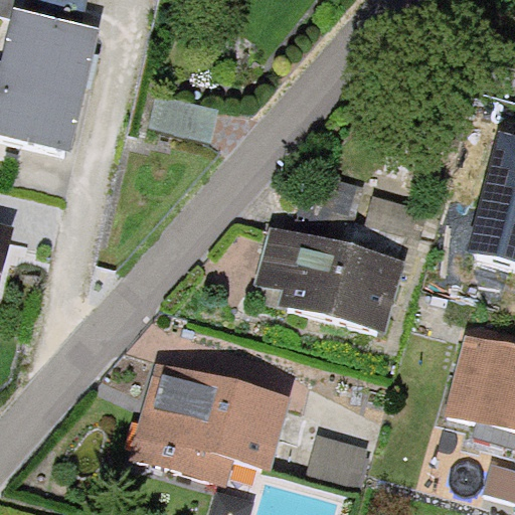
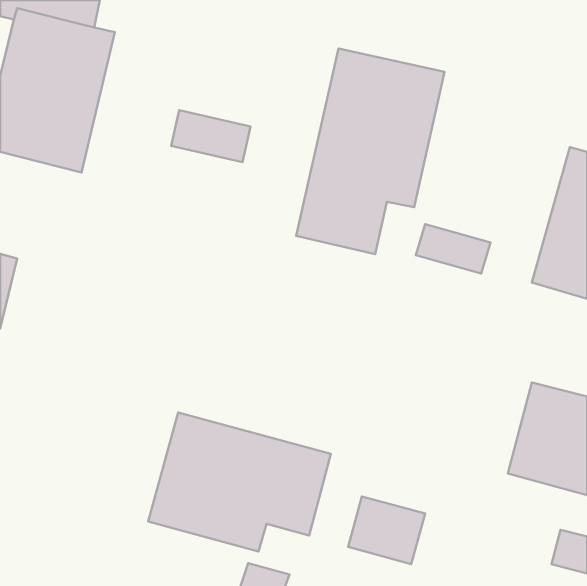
building: none -> [296,48,445,254]
building: [255,226,404,333] -> none

